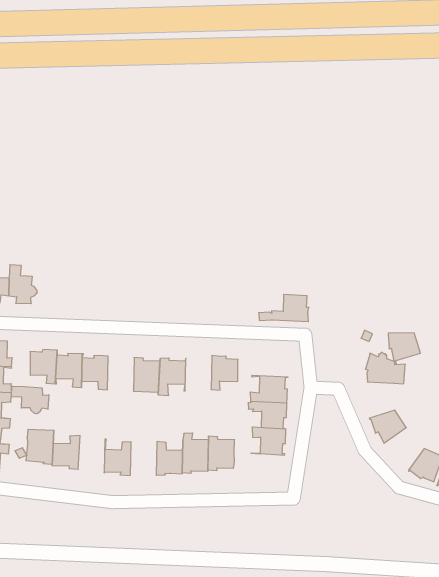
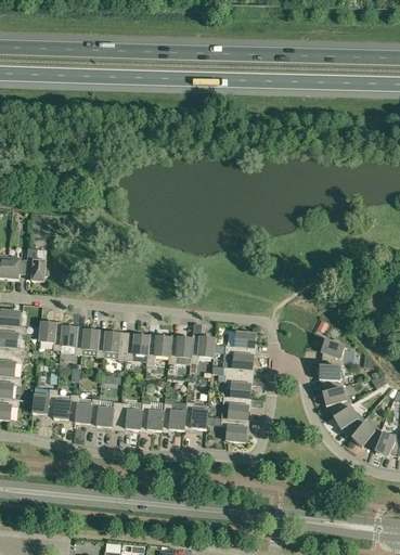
building: [259,295,309,322] -> [214,331,256,354]
building: [388,333,420,361] -> [319,365,345,389]
building: none -> [168,333,192,362]
building: none -> [103,328,127,359]
building: [12,386,49,414] -> none
building: none -> [333,405,364,435]
building: none -> [75,393,99,426]
building: none -> [118,401,142,430]
building: none -> [220,416,248,441]

